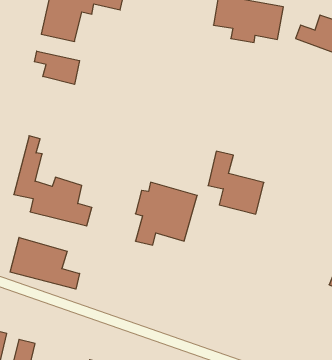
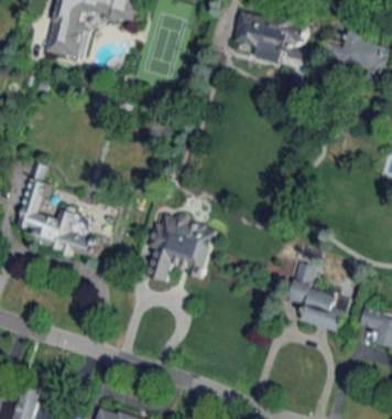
building: [34,51,80,84] -> none
building: [208,151,264,214] -> [288,264,349,332]
building: [10,237,80,289] -> none

